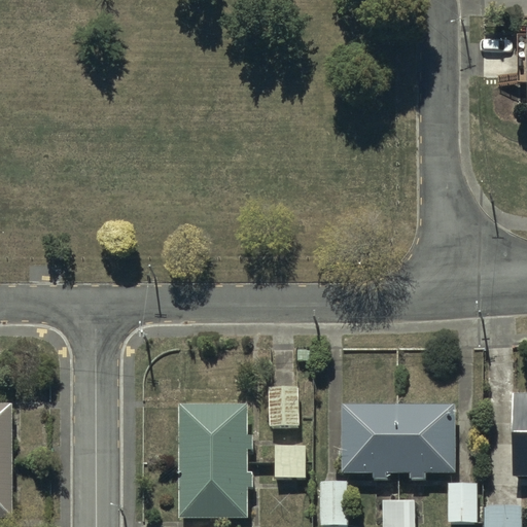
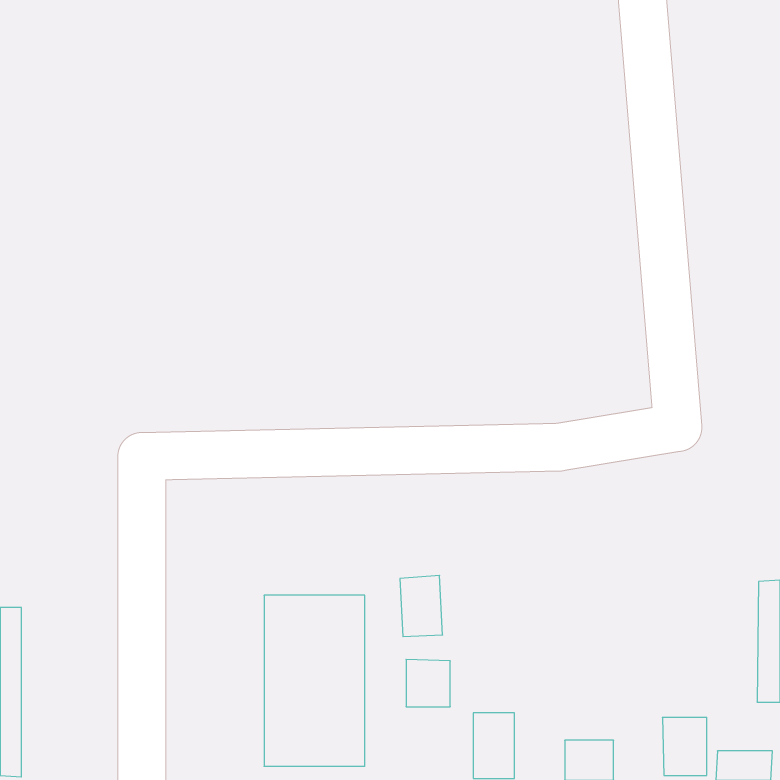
building: [341,403,453,472] -> none

